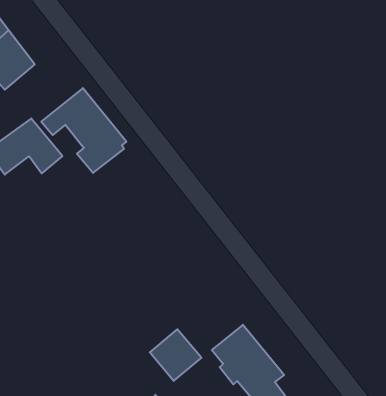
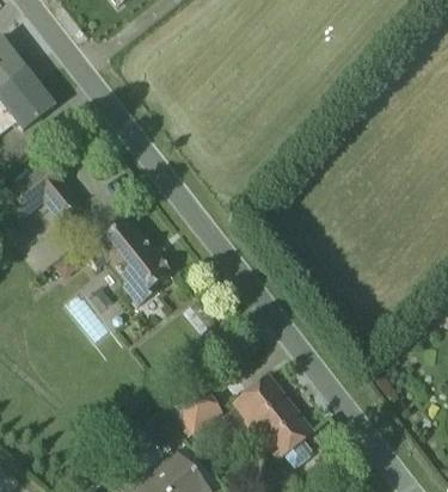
building: [41,88,126,173] -> [85,217,173,306]

